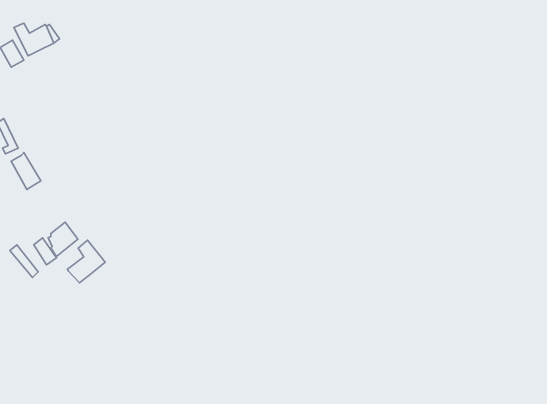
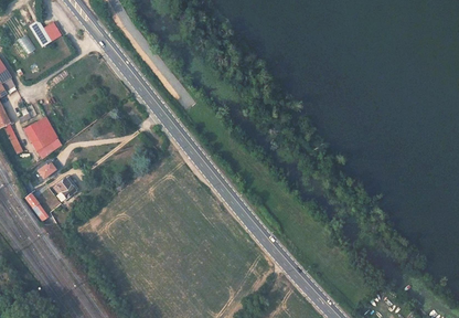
building: [68,240,105,283] -> none

